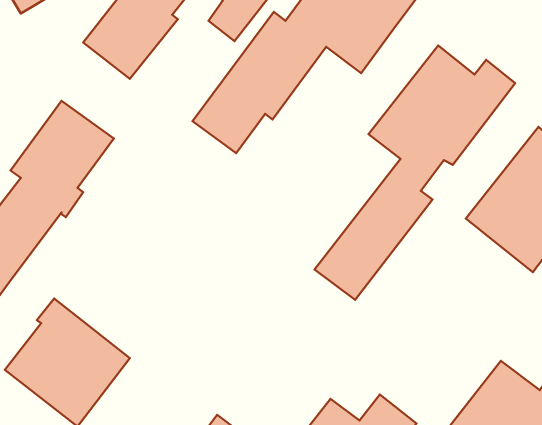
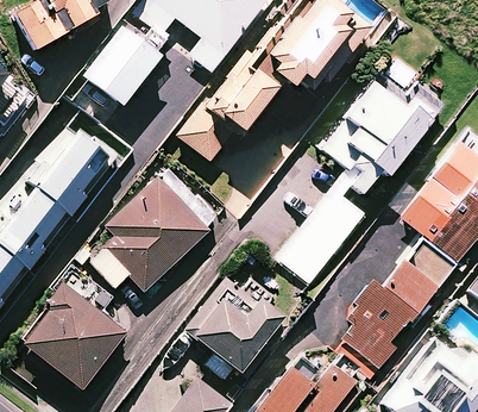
building: none -> [92,167,219,292]
building: none -> [335,237,455,381]
building: none -> [185,274,295,382]

